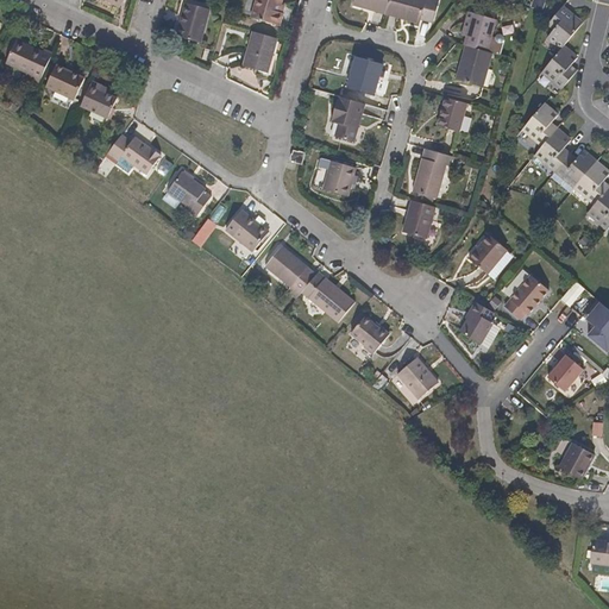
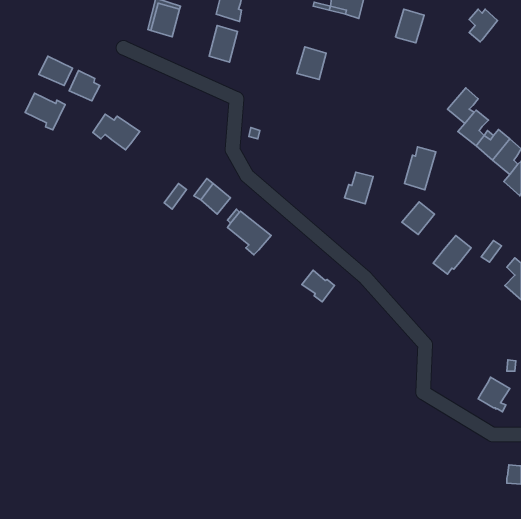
building: [7,40,54,83] -> [25,93,65,130]
building: [454,44,491,87] -> none
building: [542,46,577,88] -> none
building: [332,95,364,140] -> none
building: [437,95,465,131] -> none
building: [412,147,448,197] -> [404,147,436,190]
building: [322,161,354,196] -> none
building: [167,170,212,216] -> none
building: [302,271,354,321] -> none
building: [460,301,494,341] -> none
building: [547,354,583,391] -> none
building: [396,357,438,398] -> none

